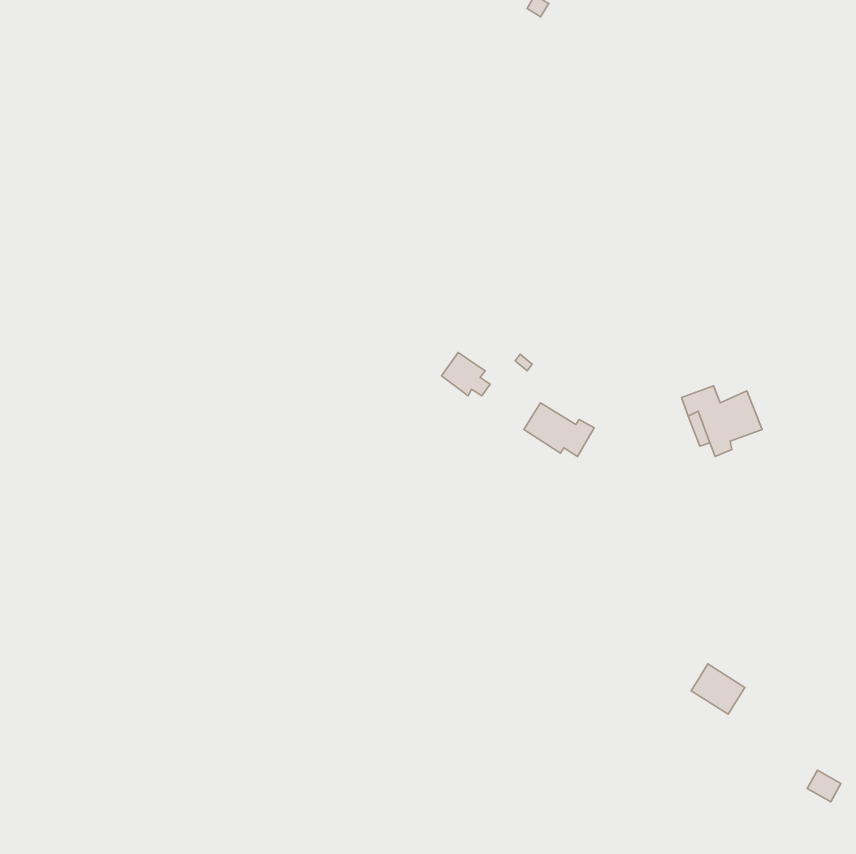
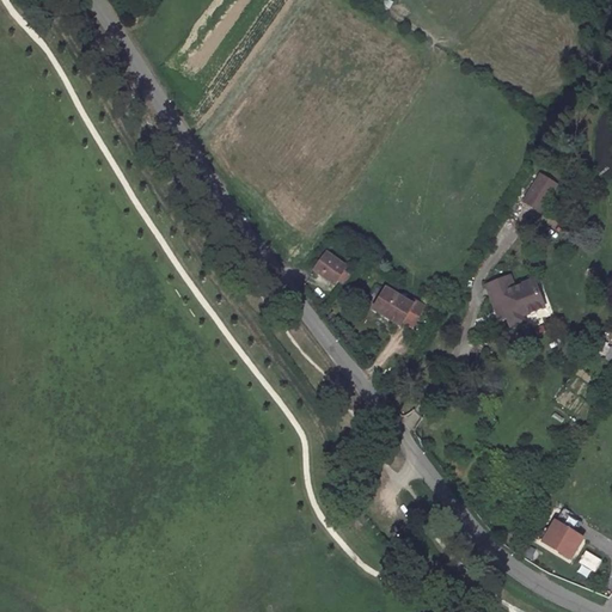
building: none -> [524,173,555,209]
building: [691,664,745,714] -> [543,519,581,555]

